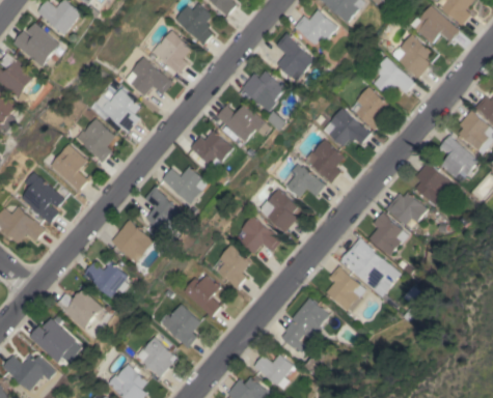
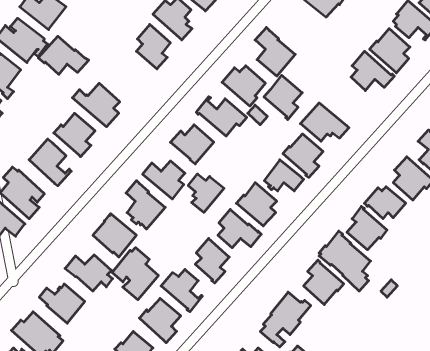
building: [295,10,339,45] -> none
building: [122,58,173,96] -> [38,36,89,74]
building: [350,87,388,132] -> [264,75,302,120]
building: none -> [188,174,224,212]
building: none -> [112,248,158,300]

